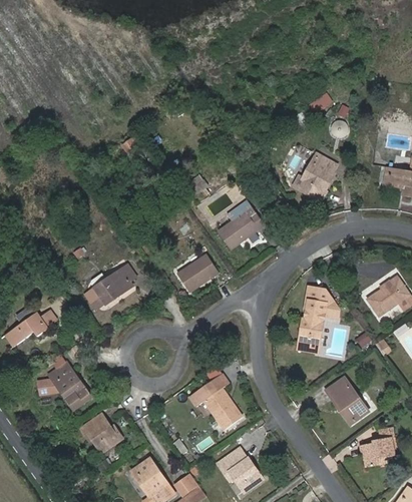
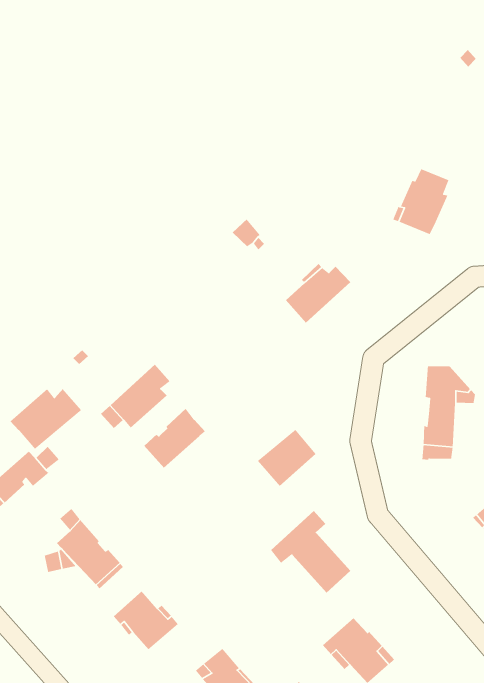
building: [177,255,218,292] -> [257,429,316,487]
building: none -> [10,388,82,450]
building: none -> [144,408,206,468]

